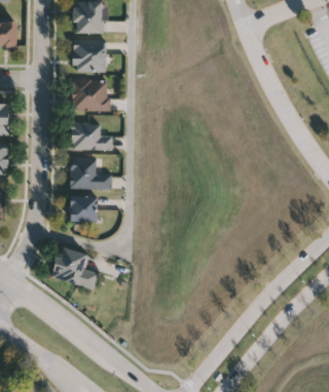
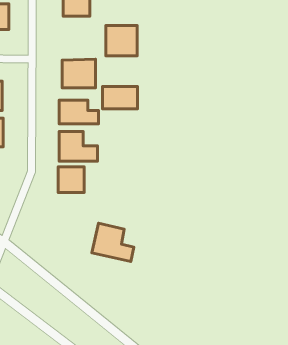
building: [71,39,105,72] -> [106,25,137,56]
building: none -> [103,86,137,109]
building: [51,246,97,287] -> [92,223,134,261]

